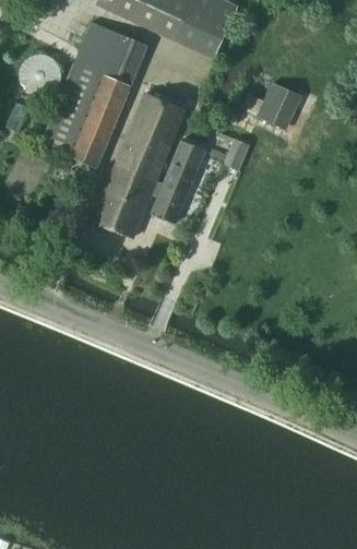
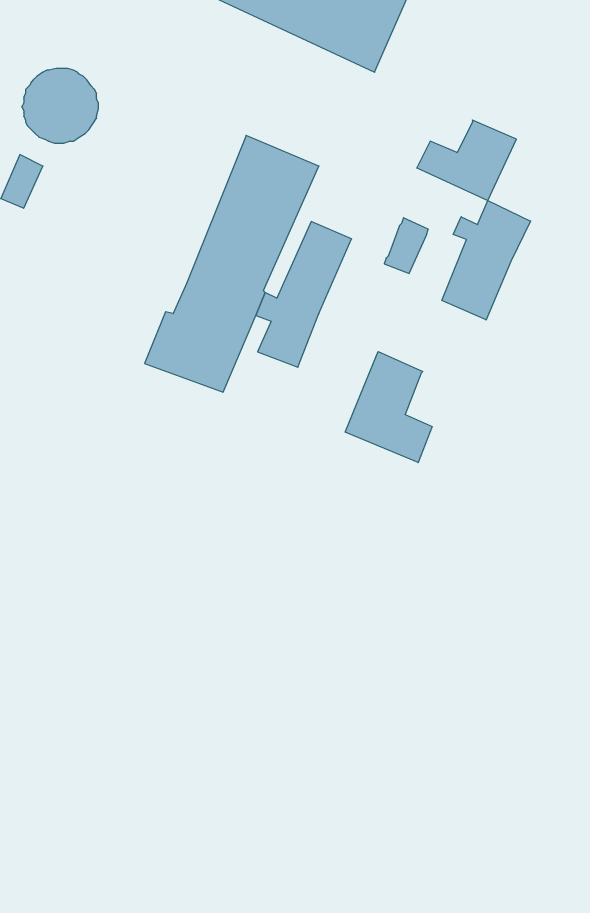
building: [41,23,146,169] -> none
building: none -> [442,201,531,320]
building: none -> [345,352,432,463]

